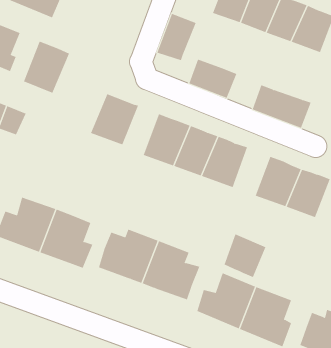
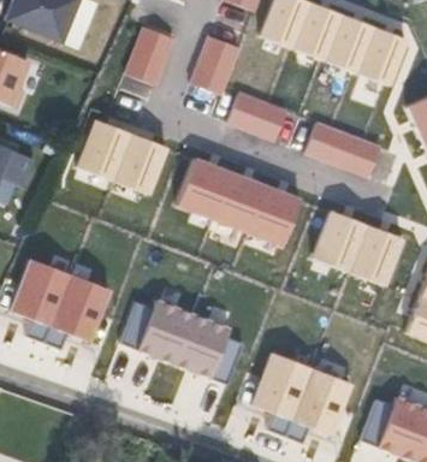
building: none -> [125,26,174,84]
building: [23,41,70,93] -> [75,119,131,183]
building: [224,234,266,278] -> none

